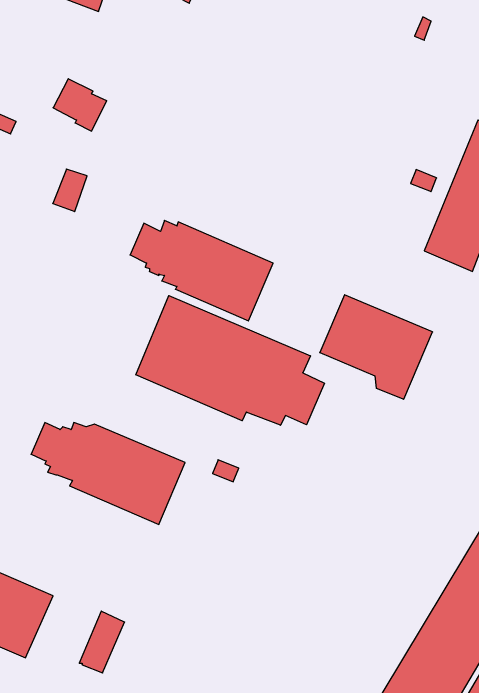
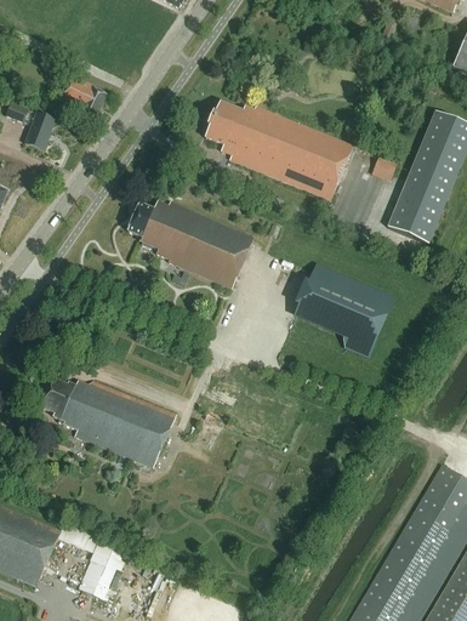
building: none -> [205,99,353,199]
building: [53,169,87,212] -> [24,113,55,150]
building: [136,296,325,425] -> none

